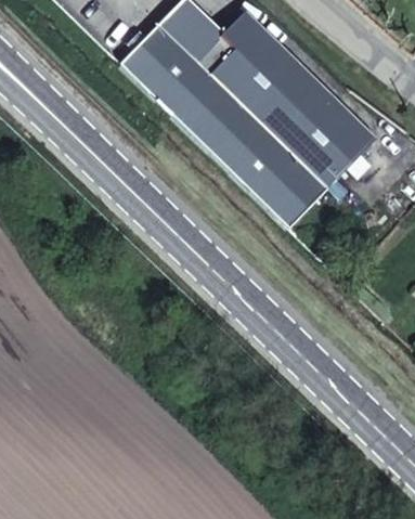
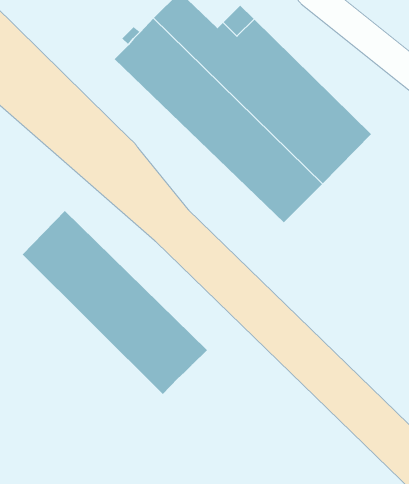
building: none -> [22,210,208,395]

